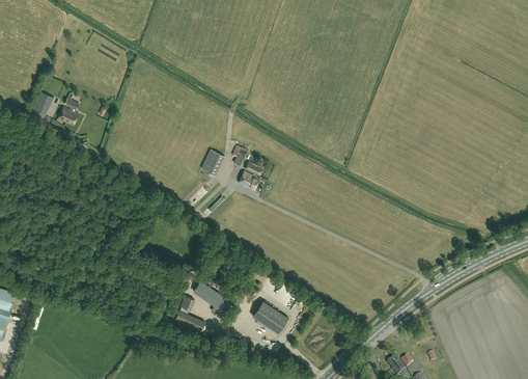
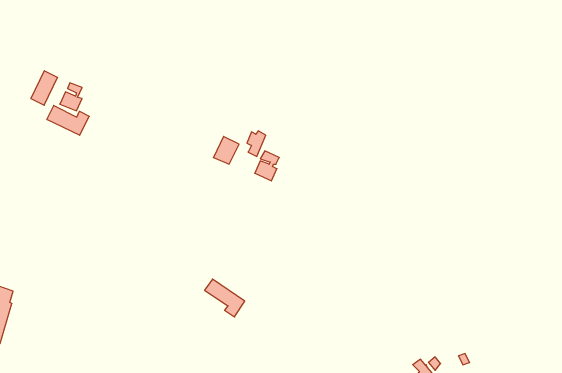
building: none -> [47,105,89,135]
building: [174,296,203,331] -> none
building: [251,301,287,334] -> none

